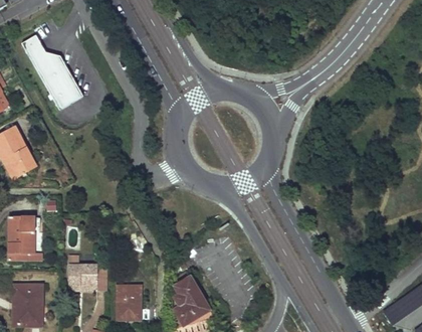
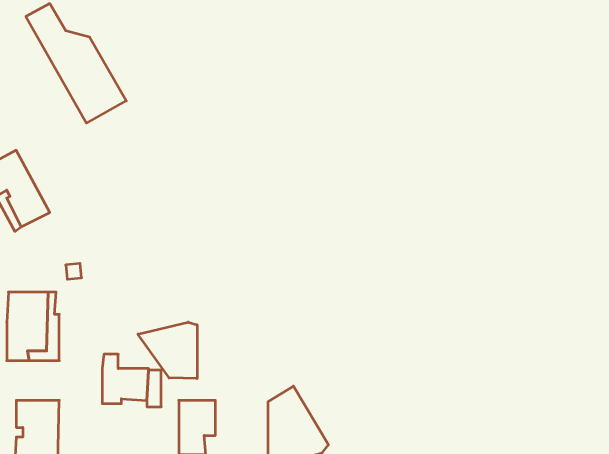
building: none -> [138,322,197,379]

